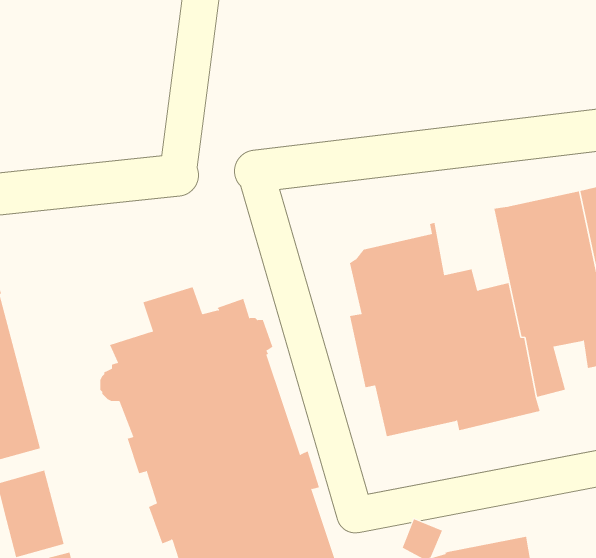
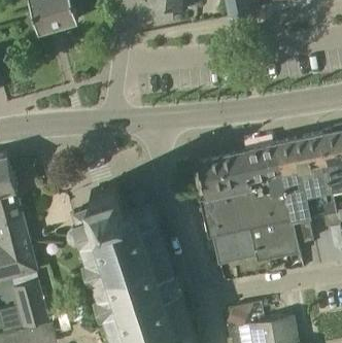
building: none -> [245,143,284,186]

